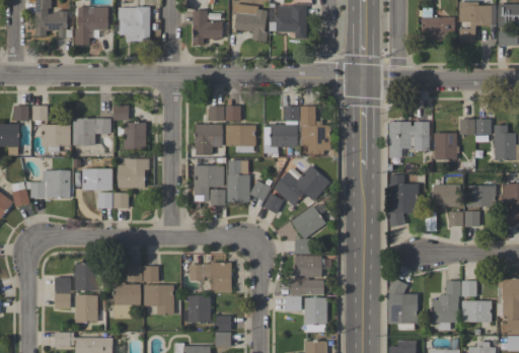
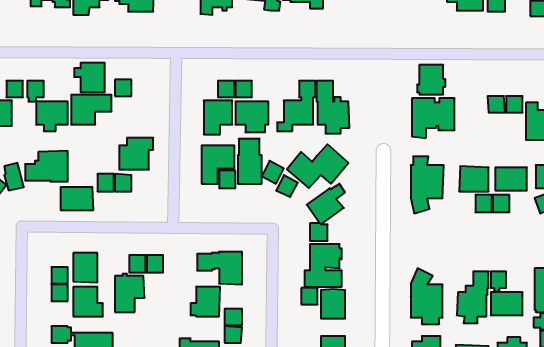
building: [118,121,146,148] -> [74,63,105,92]
building: [432,132,458,159] -> [417,65,445,94]
building: [82,167,113,189] -> [61,187,93,210]
building: [144,285,173,314] -> none

